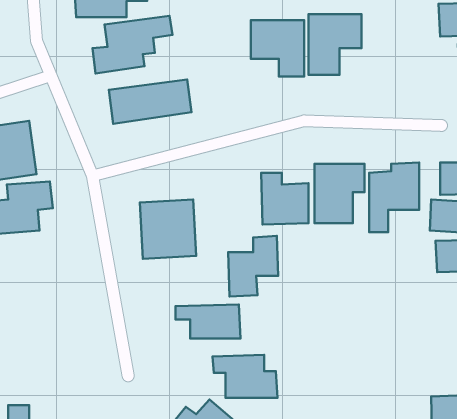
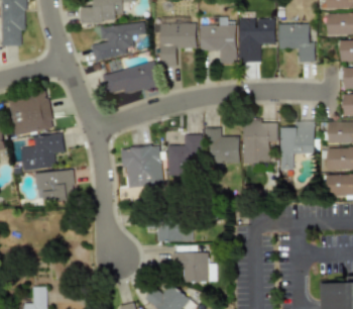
building: none -> [158,18,196,69]
building: none -> [277,24,314,62]
building: none -> [35,171,74,200]
building: [228,236,278,297] -> [166,134,201,176]

